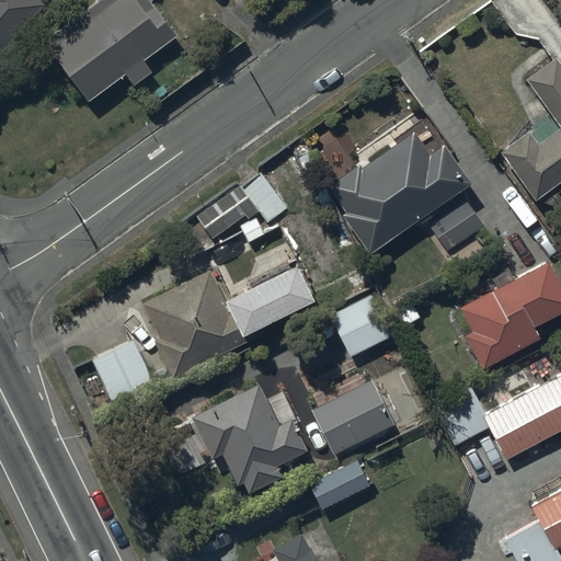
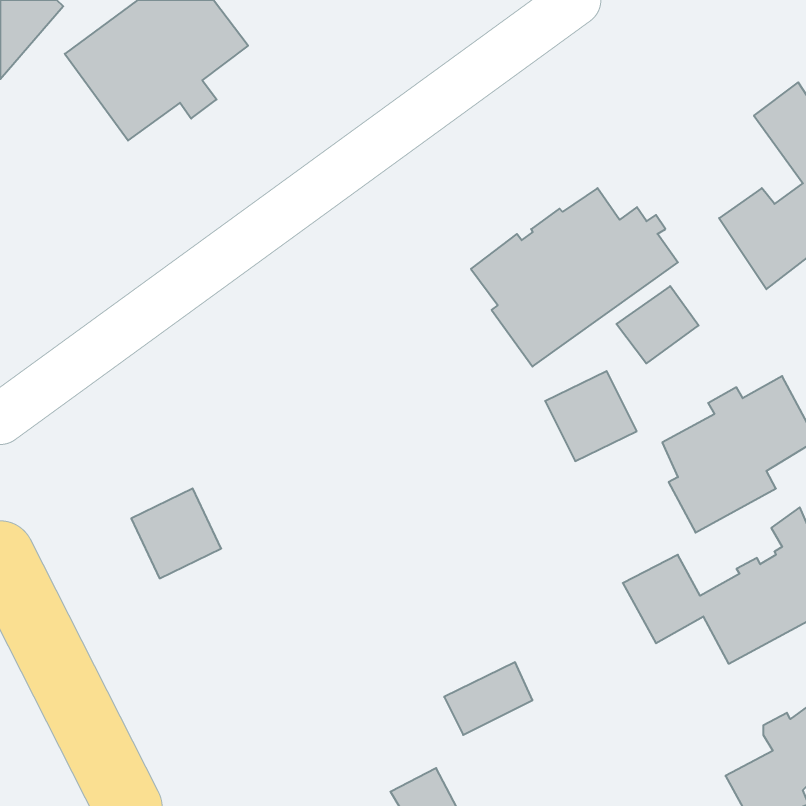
building: [196,173,288,240] -> none
building: [142,263,314,380] -> none
building: [330,296,393,358] -> [545,371,637,461]
building: [312,380,396,456] -> none
building: [192,381,308,494] -> none

